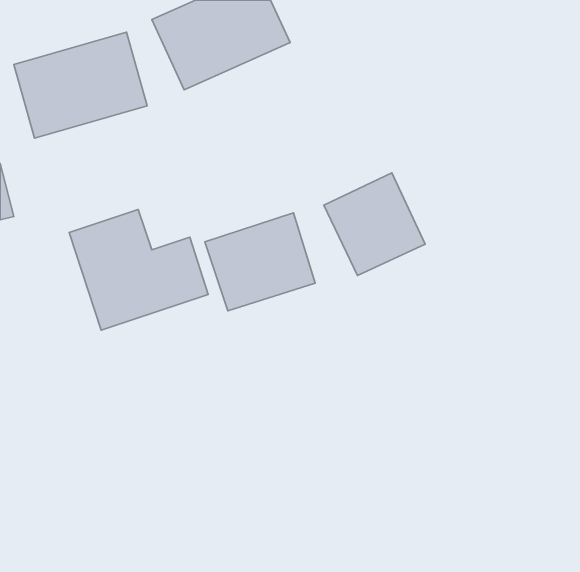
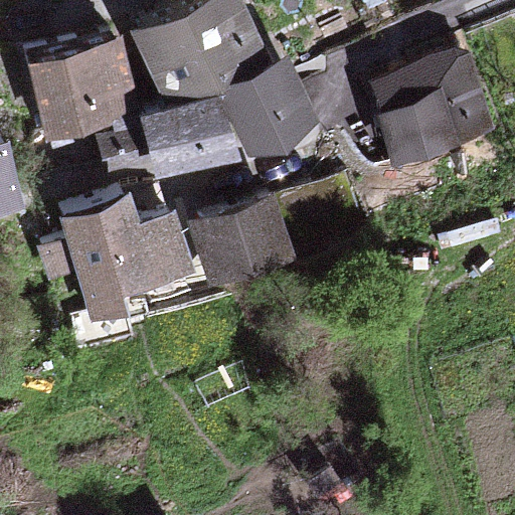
building: none -> [376,56,492,161]
building: none -> [132,102,229,175]
building: [324,173,425,275] -> [229,61,318,151]

